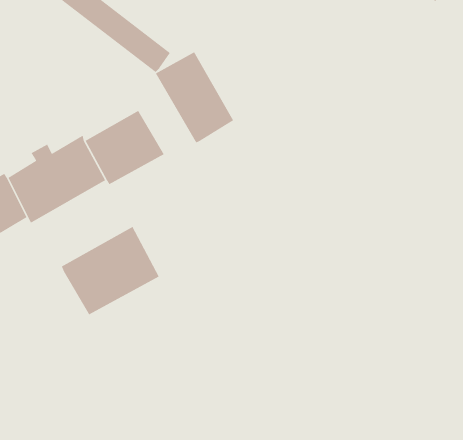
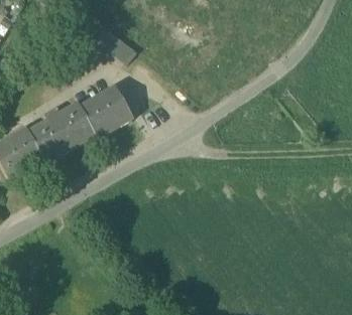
building: [155,51,234,144] -> none
building: [61,226,160,316] -> none

